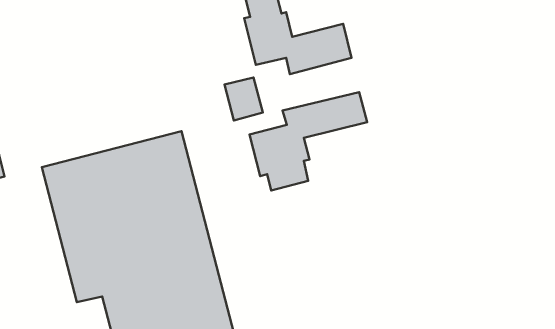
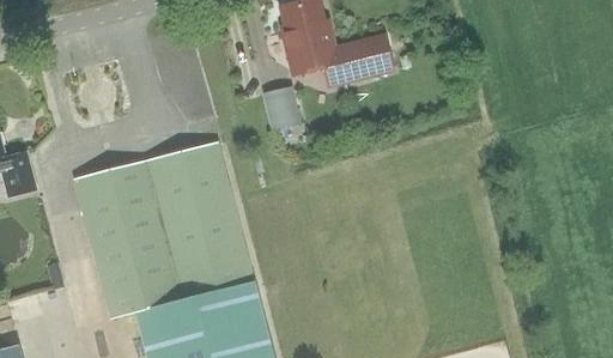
building: [250,92,367,191] -> none

